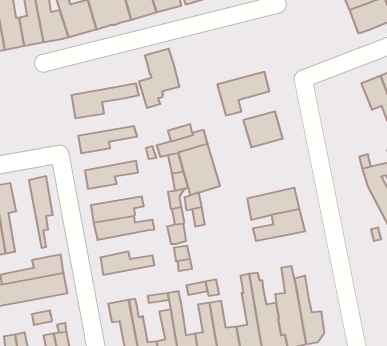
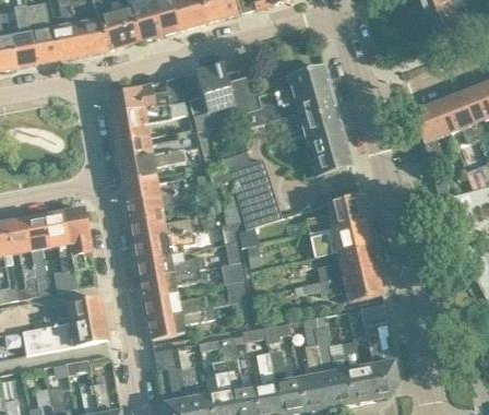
building: none -> [228,66,331,115]
building: none -> [108,76,186,116]
building: none -> [418,103,452,158]
building: none -> [301,111,343,144]
building: none -> [117,129,198,162]
building: none -> [123,176,186,201]
building: none -> [308,193,365,233]
building: none -> [44,212,79,292]
building: none -> [131,216,192,240]
building: none -> [142,269,201,299]
building: none -> [308,270,382,303]
building: none -> [148,307,215,340]

